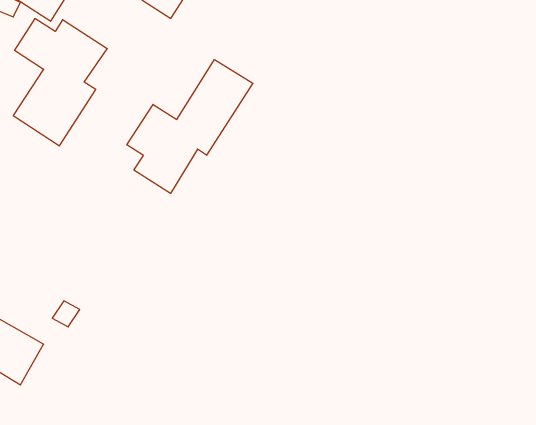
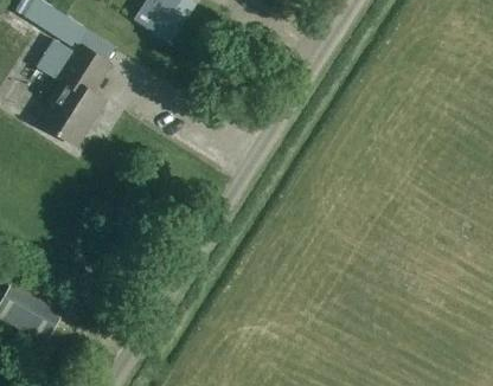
building: [127,60,253,193] -> none

